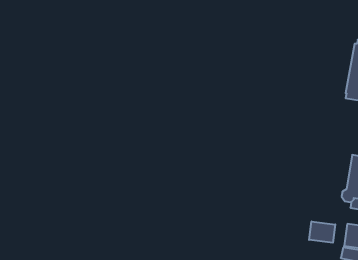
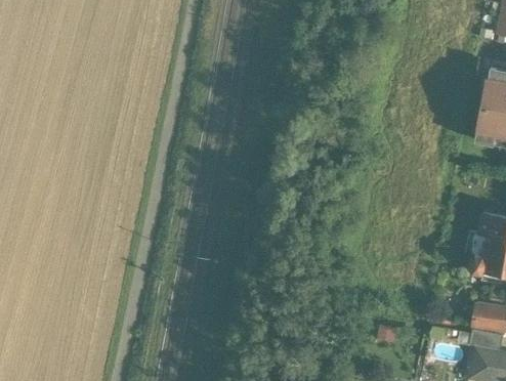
building: [309,221,335,243] -> none

